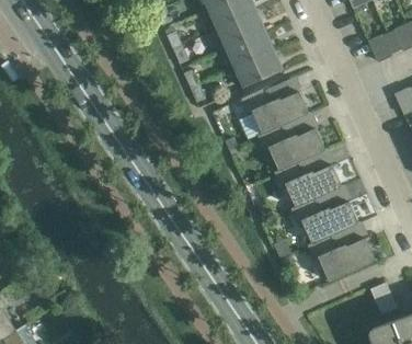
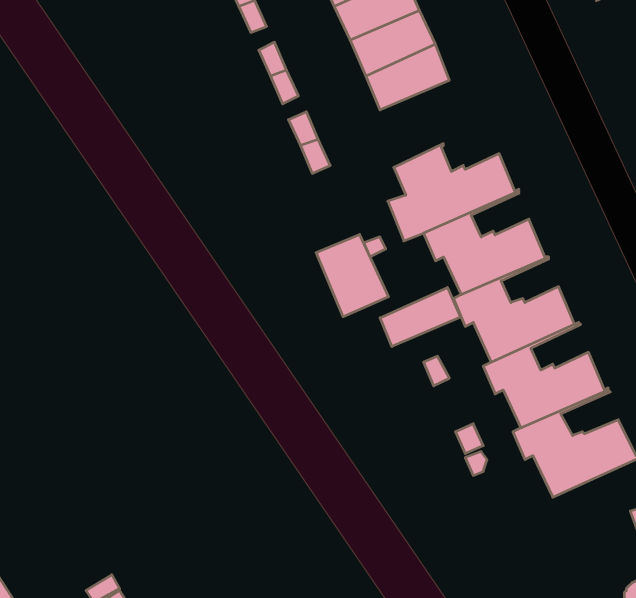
building: [233,50,282,88] -> none
building: none -> [316,234,388,317]
building: none -> [380,287,461,347]

